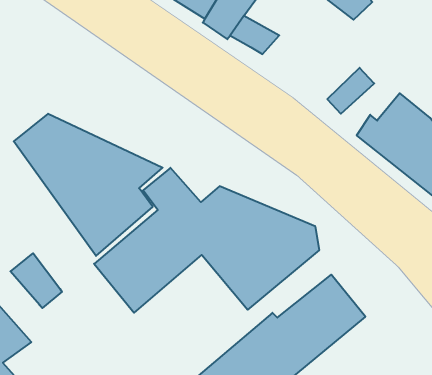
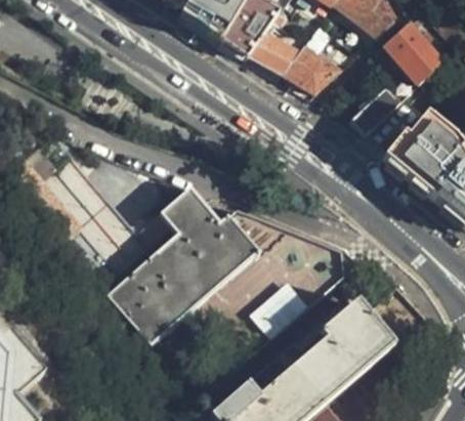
building: none -> [385,23,443,86]
building: none -> [283,46,339,95]
building: [10,253,62,308] -> none

